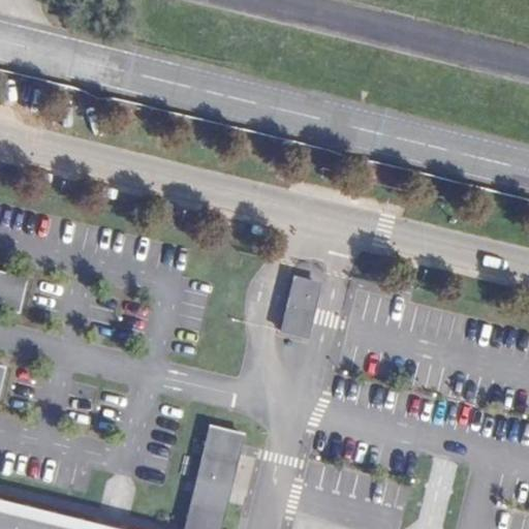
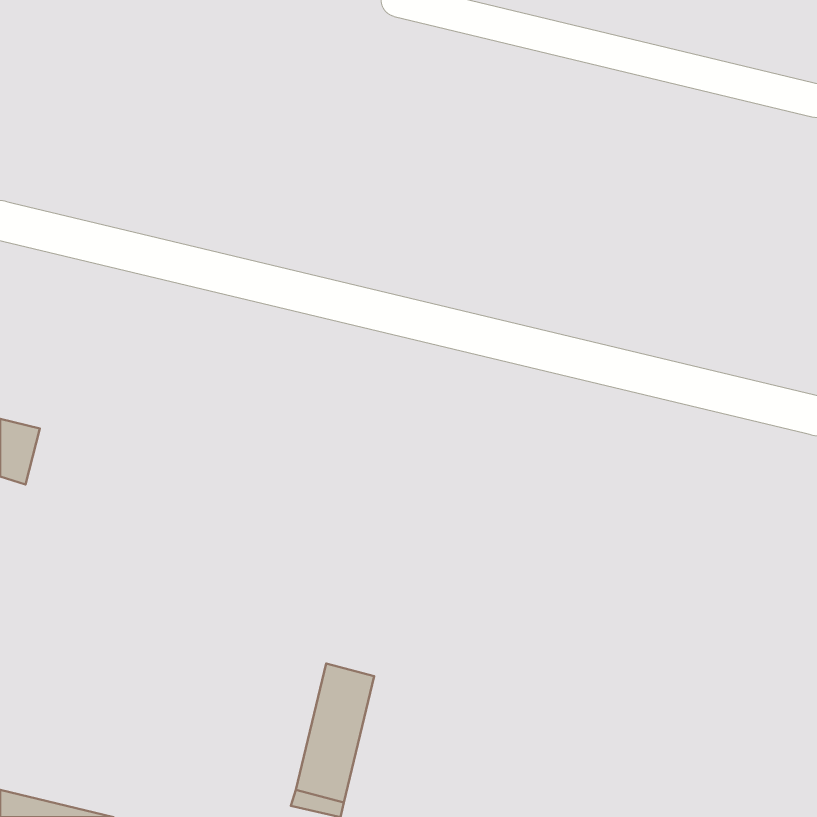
building: [281,278,317,338] -> none

